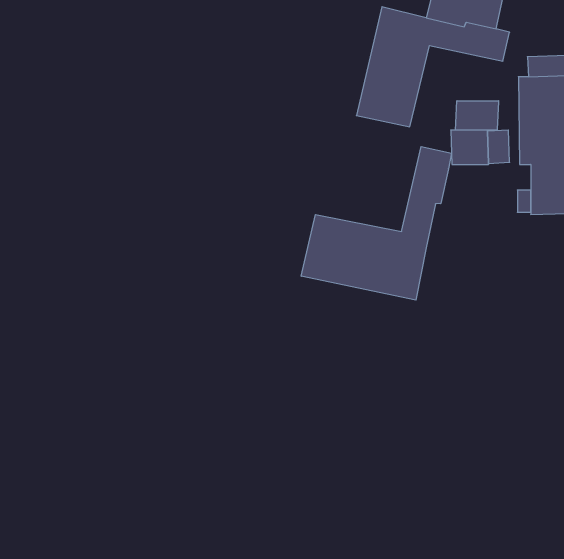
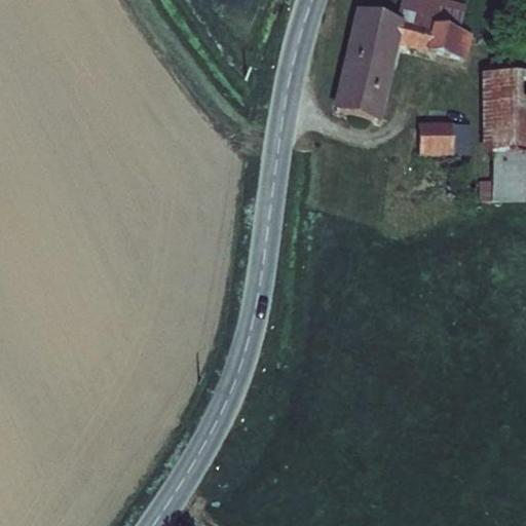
building: [456,101,499,130] -> none
building: [301,147,451,300] -> none

